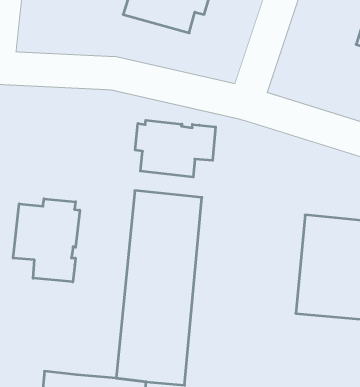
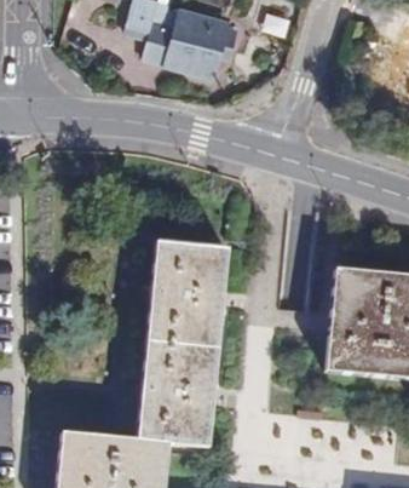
building: [135,120,216,177] -> none
building: [13,199,80,282] -> none

